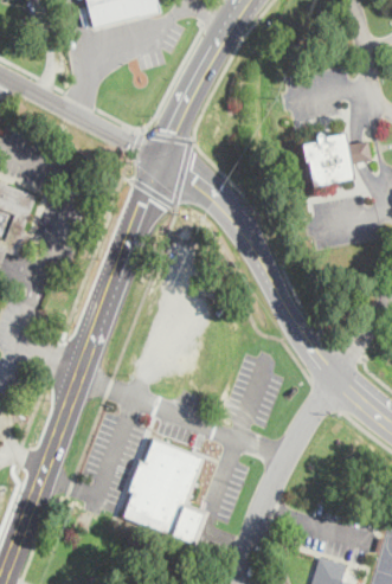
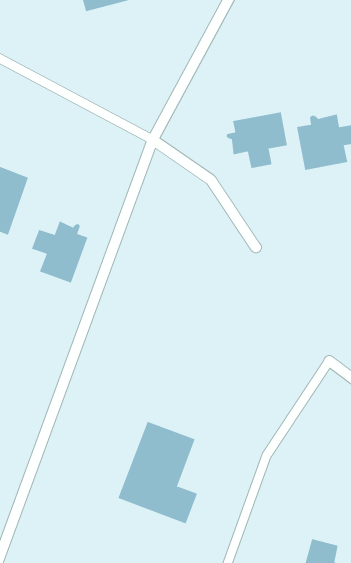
building: none -> [226,111,288,169]
building: none -> [31,220,88,284]

